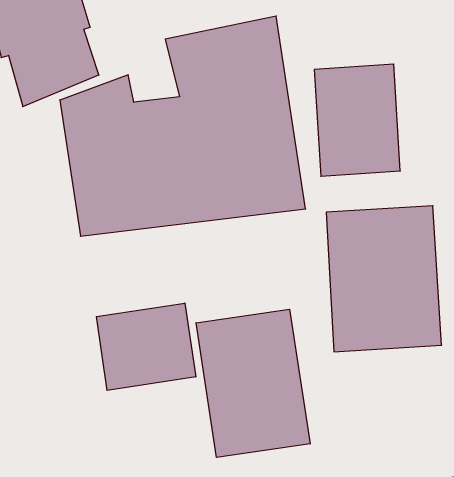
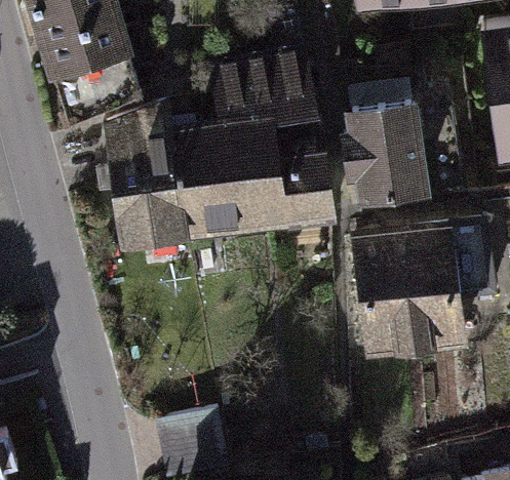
building: [96,303,196,390] -> none
building: [196,309,310,457] -> none

